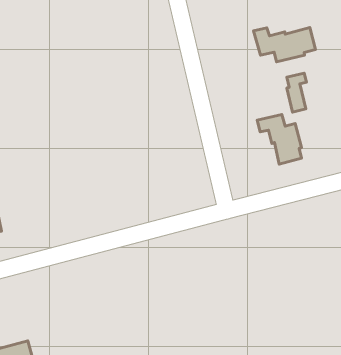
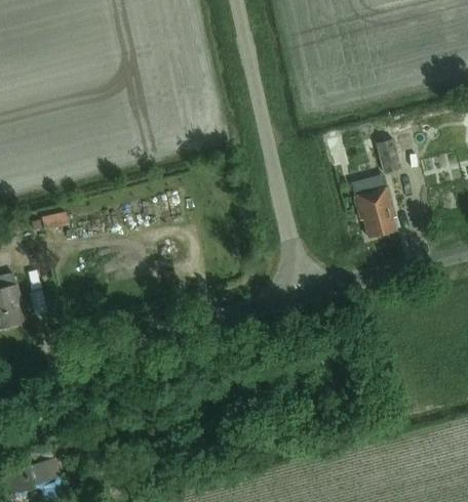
building: [253,27,316,62] -> none

